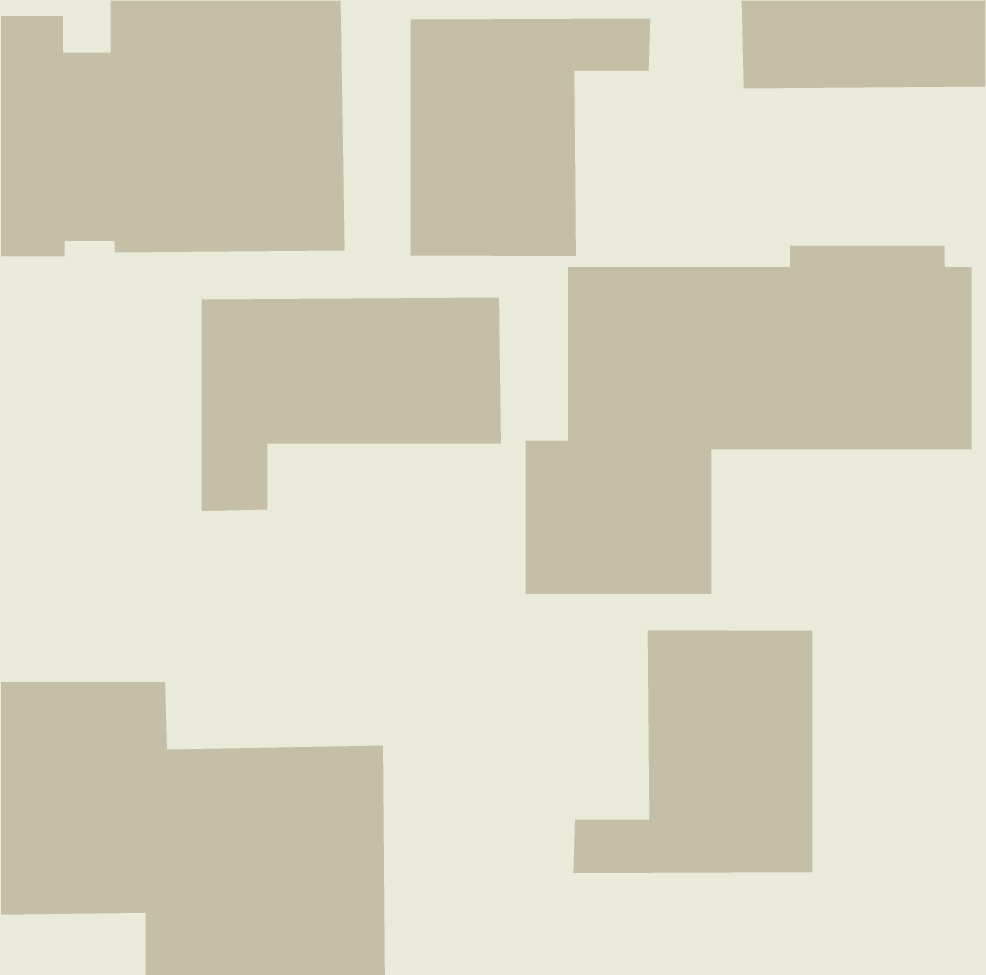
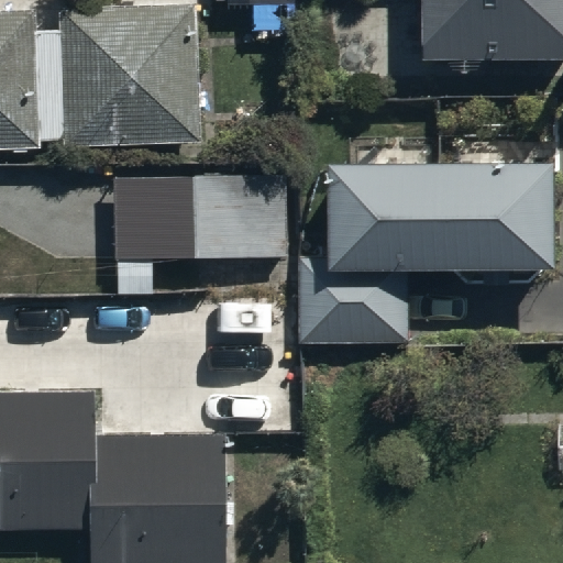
building: [410,18,651,257] -> none
building: [573,629,813,874] -> none

